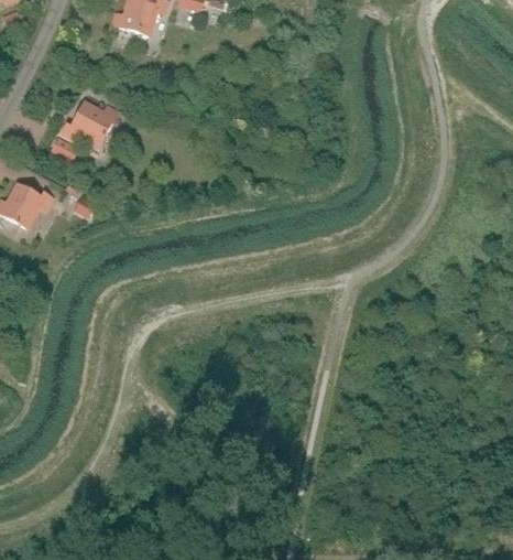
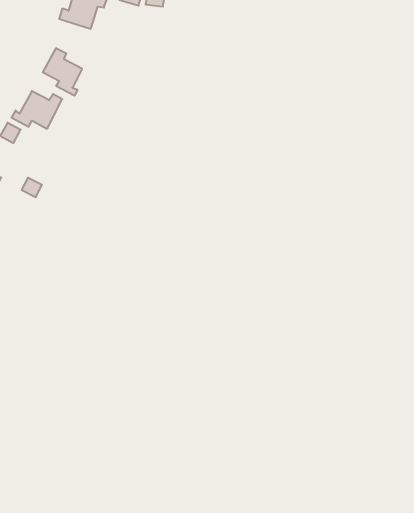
building: none -> [43,48,82,96]

